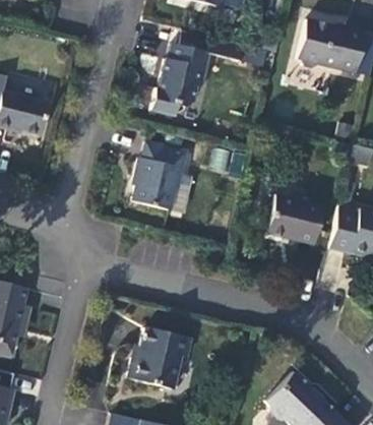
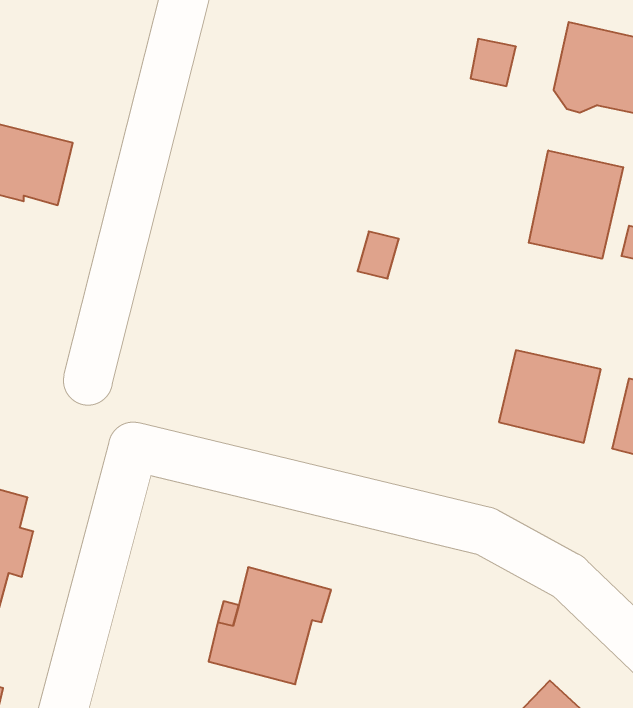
building: [150,38,209,108] -> none
building: none -> [529,150,623,259]
building: [133,134,187,201] -> none

